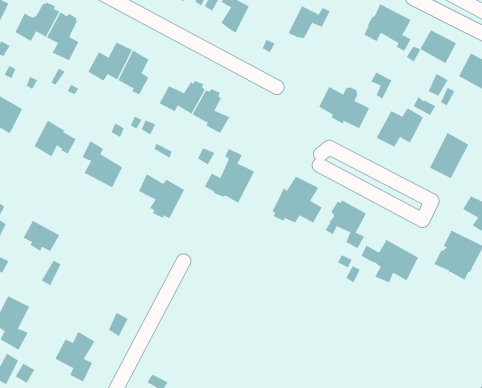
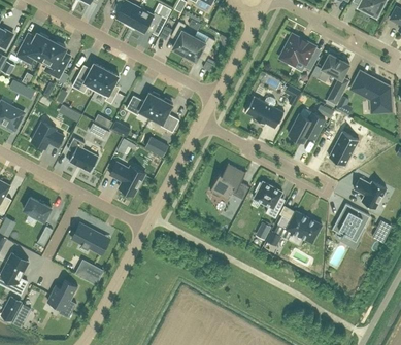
building: [288,6,330,39] -> [182,35,214,60]
building: [204,148,255,204] -> none
building: none -> [71,222,104,251]

